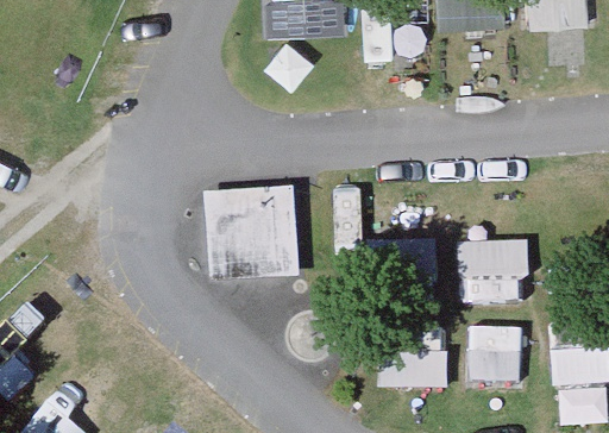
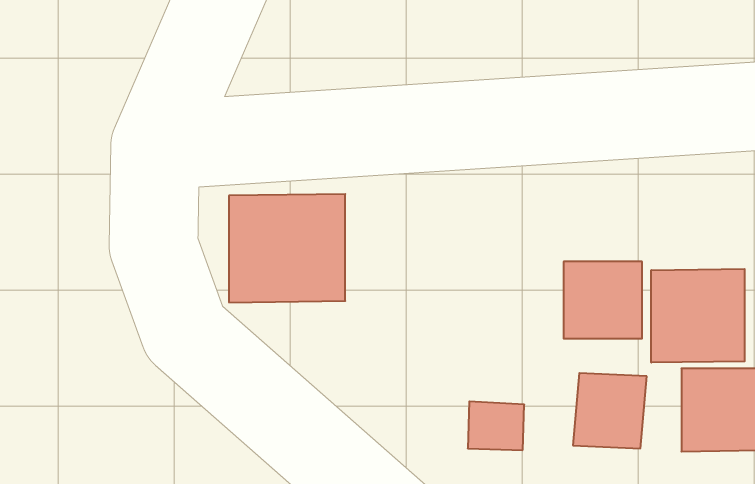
building: none -> [651,269,745,363]

